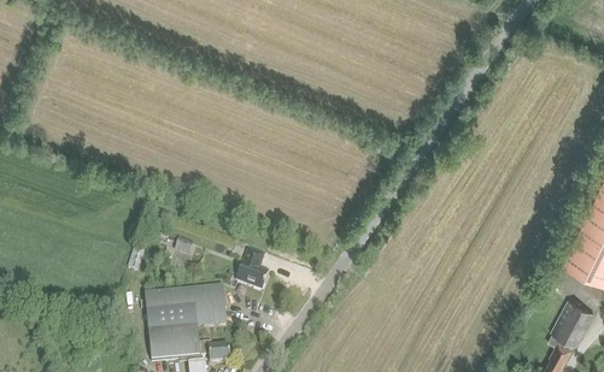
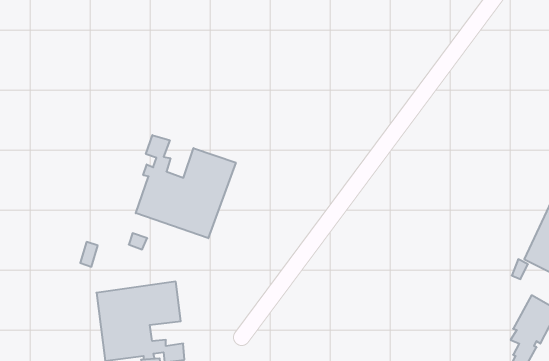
building: none -> [136,135,236,238]
building: [236,247,266,287] -> none

